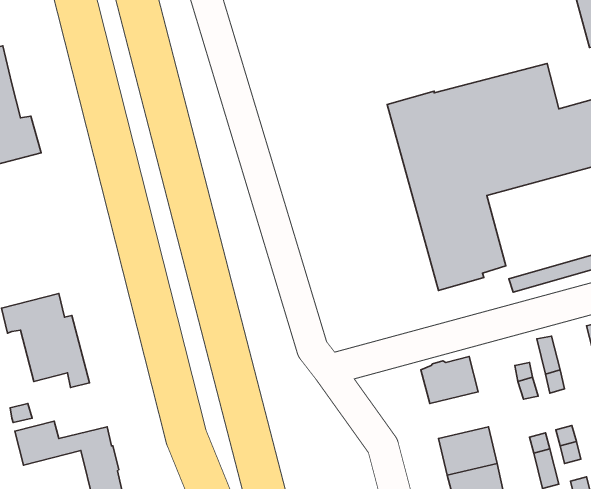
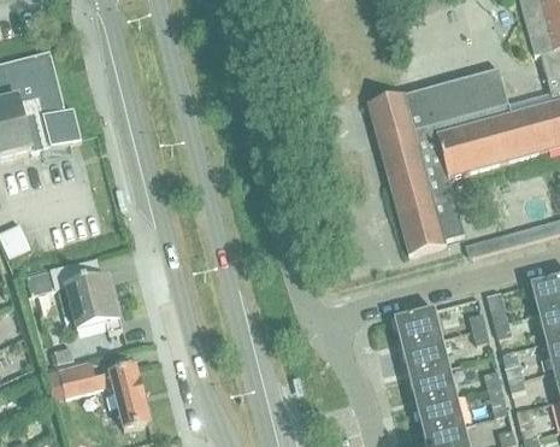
building: none -> [401,336,449,375]

